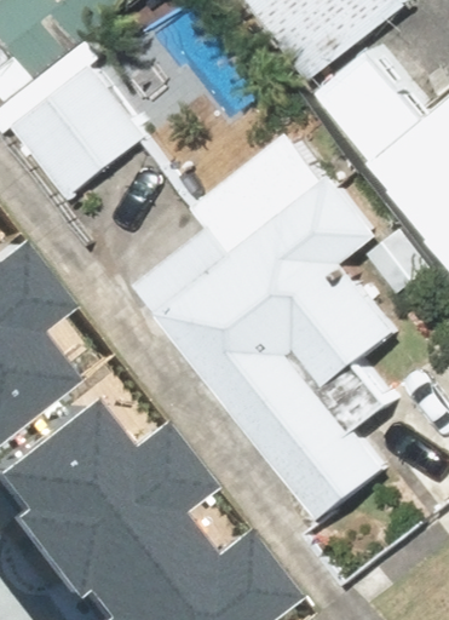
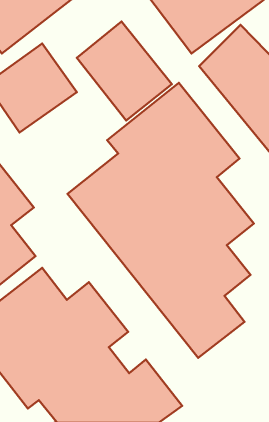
building: none -> [77,21,172,120]

